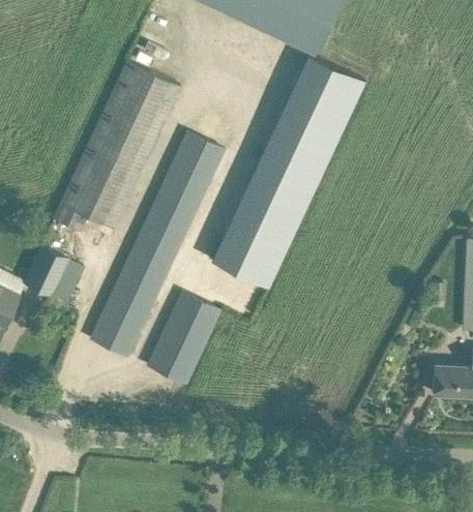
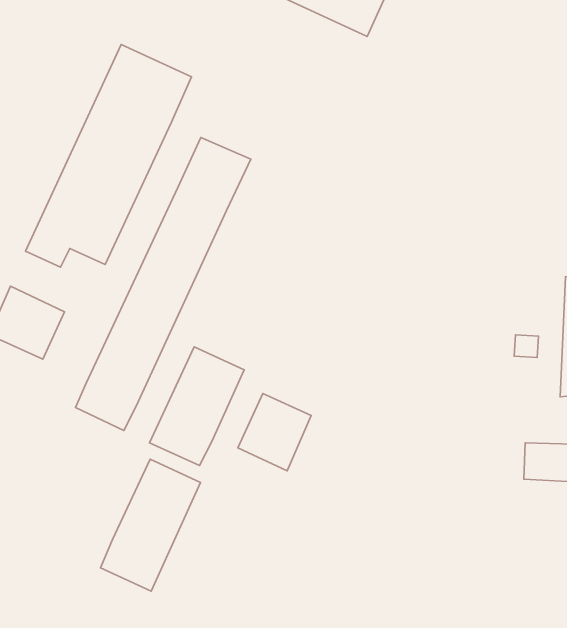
building: [212,54,365,288] -> none
building: none -> [238,394,311,471]
building: none -> [101,459,201,591]

